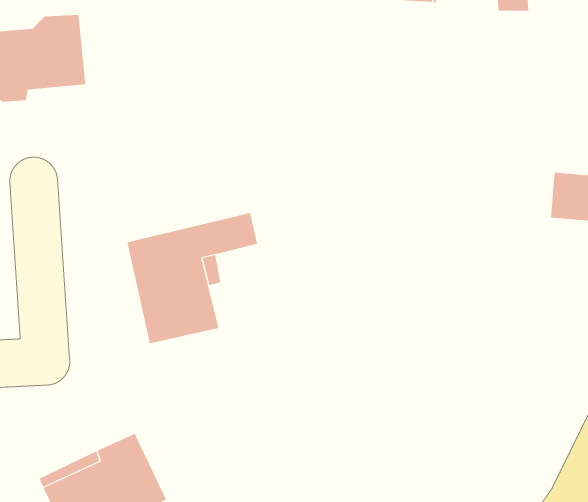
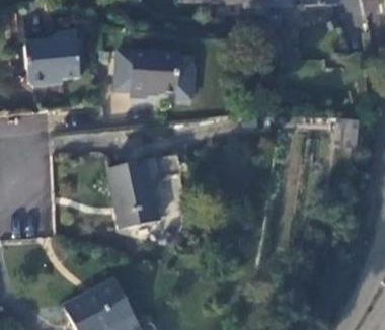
building: none -> [113,43,196,99]

